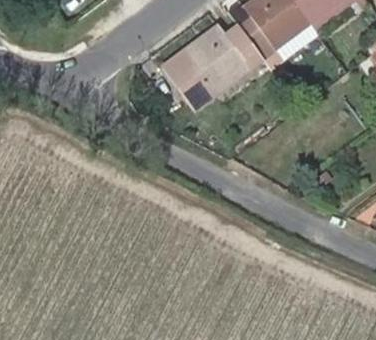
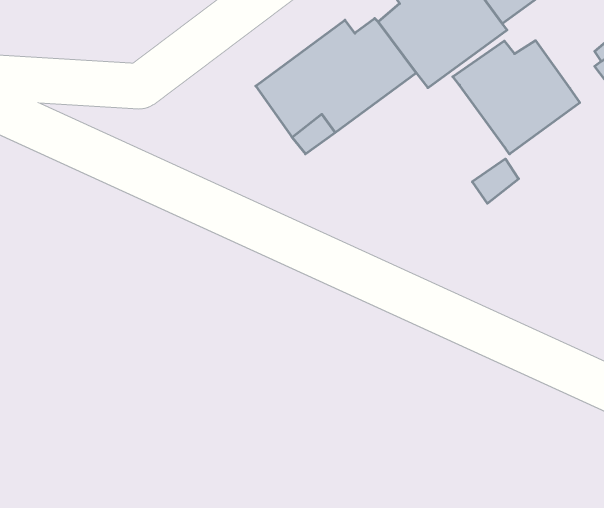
building: none -> [453,41,580,154]

